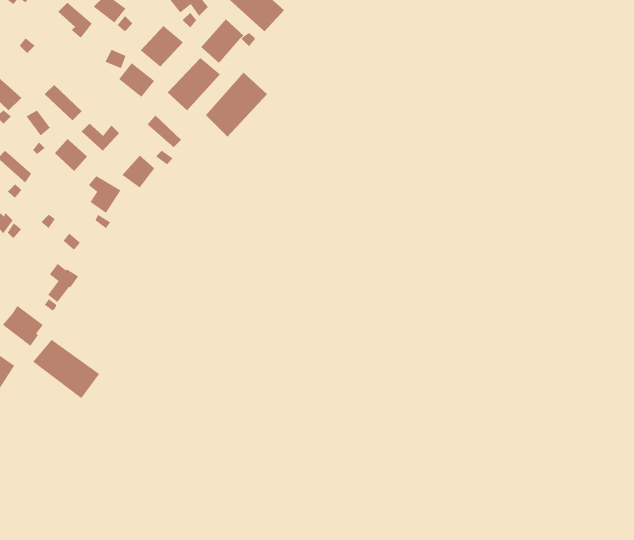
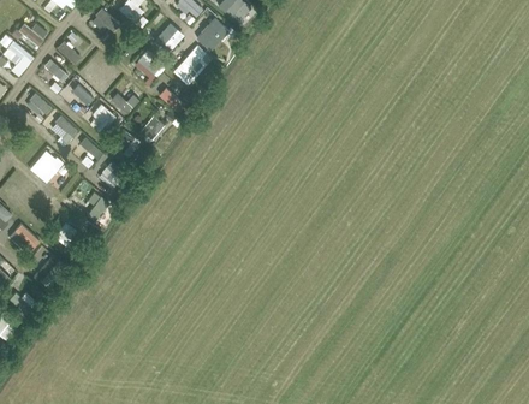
building: [205,72,268,138] -> none
building: [32,339,100,399] -> none

